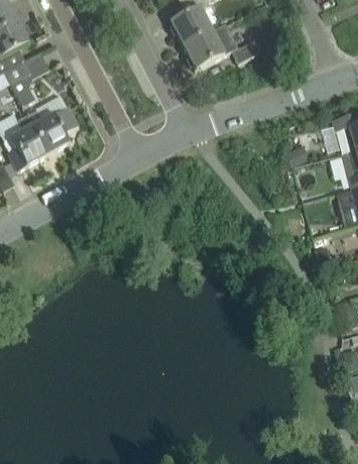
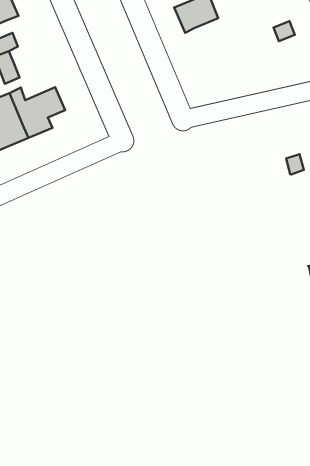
building: [183,22,260,68] -> none

